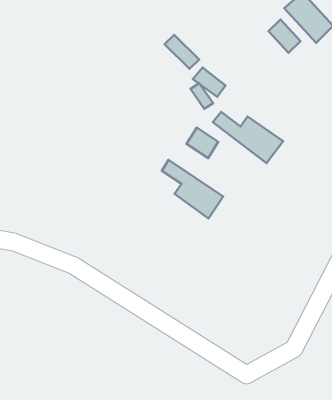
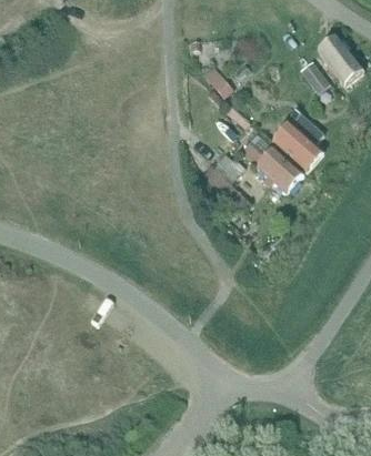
building: none -> [272,108,322,170]
building: [162,160,223,219] -> none

